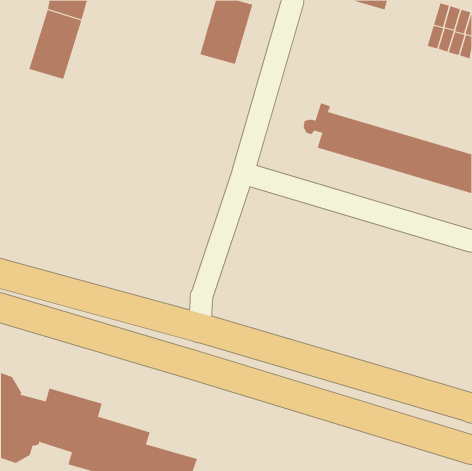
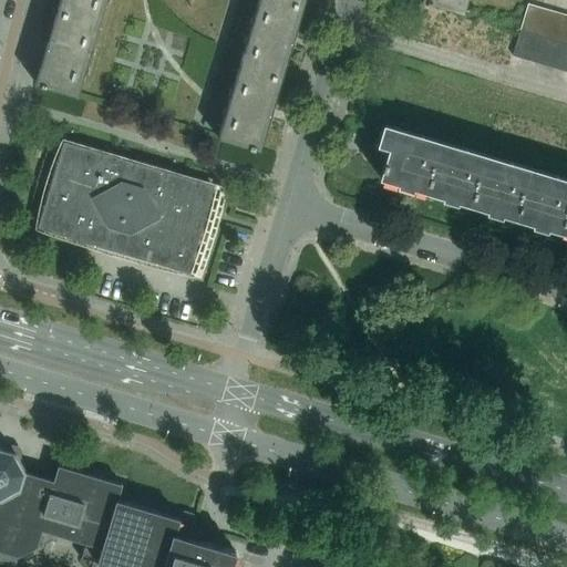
building: none -> [217,66,282,151]
building: none -> [39,143,213,272]

